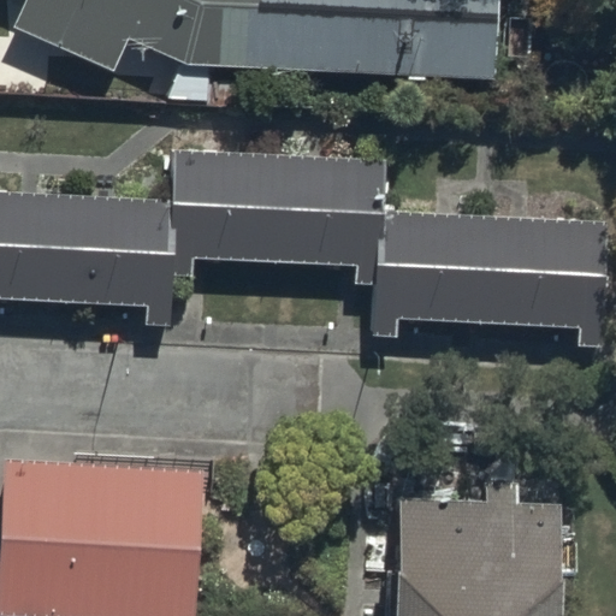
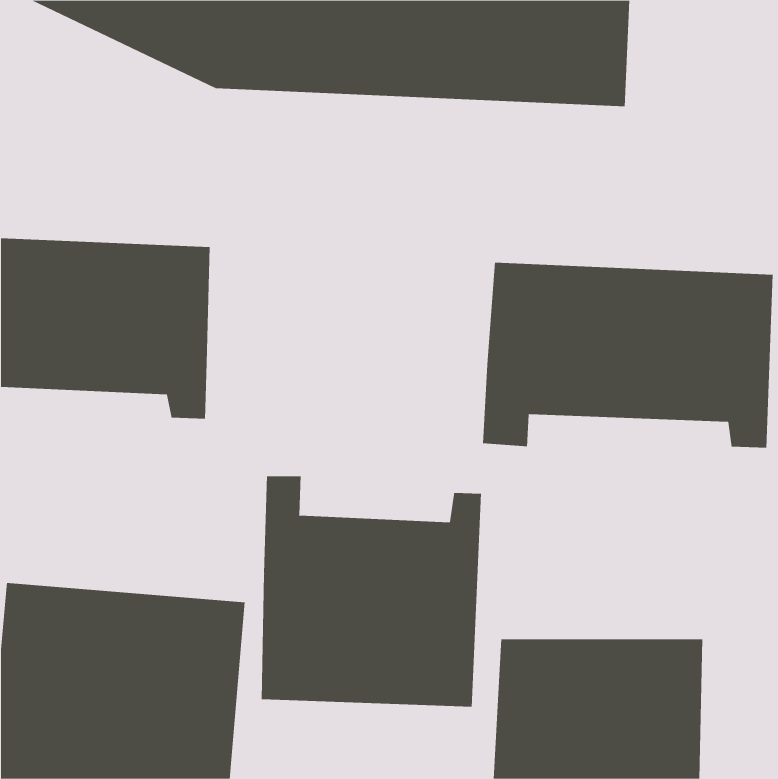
building: [165,143,393,288] -> none
building: none -> [261,475,481,708]

